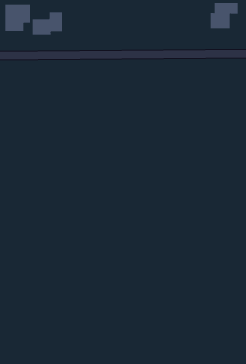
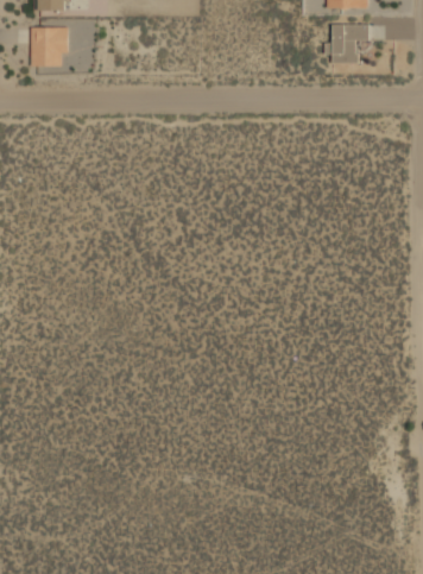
building: [32,12,62,36] -> none

